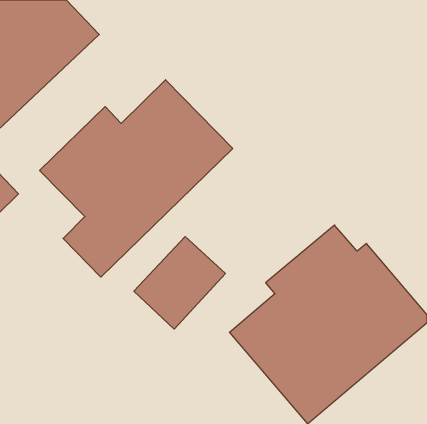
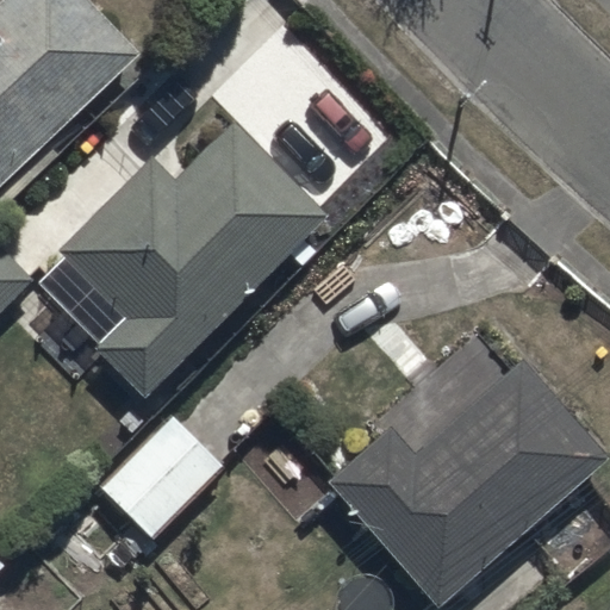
building: [134,237,225,329] -> [94,412,224,543]

